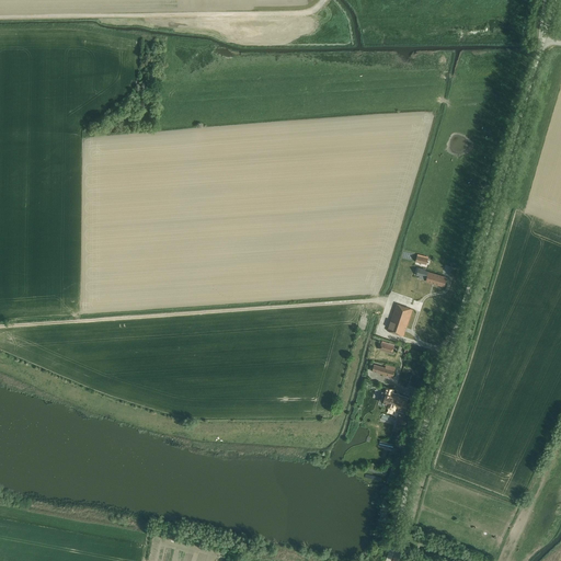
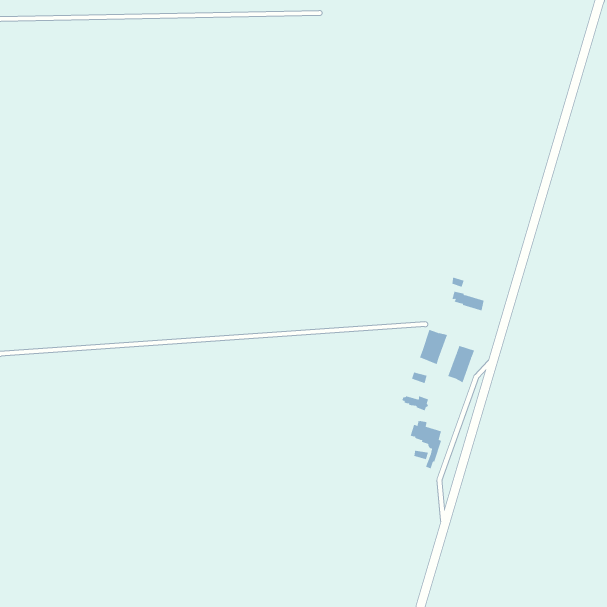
building: none -> [447,345,475,383]

